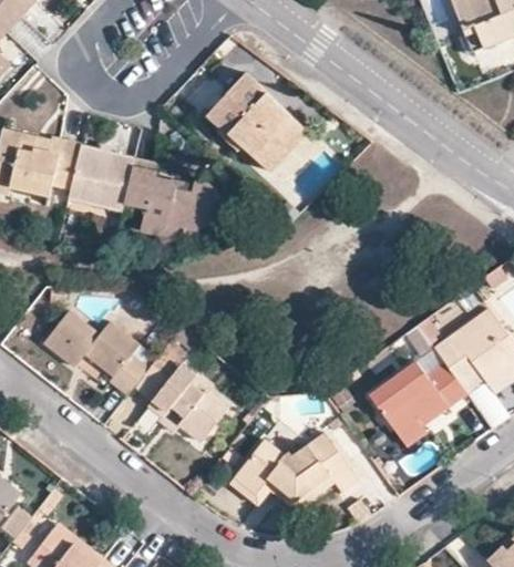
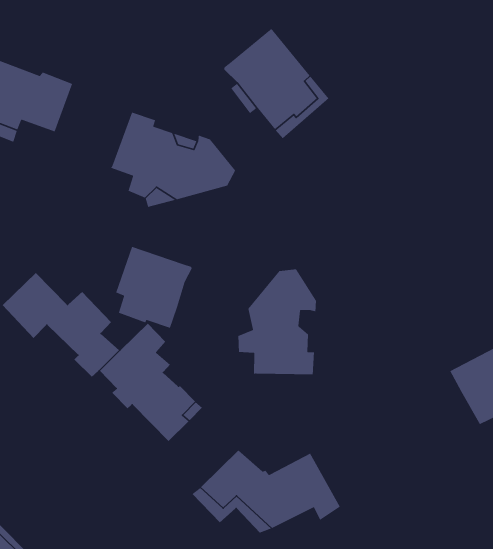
building: [68,144,135,210] -> none
building: none -> [115,246,193,329]
building: none -> [237,269,317,375]
building: [370,363,466,446] -> none

